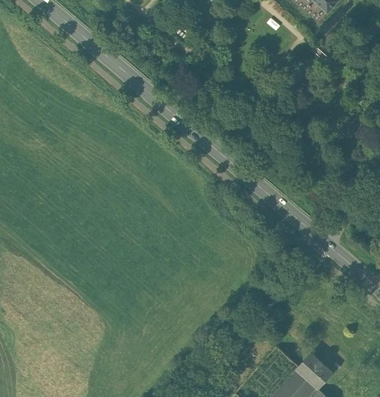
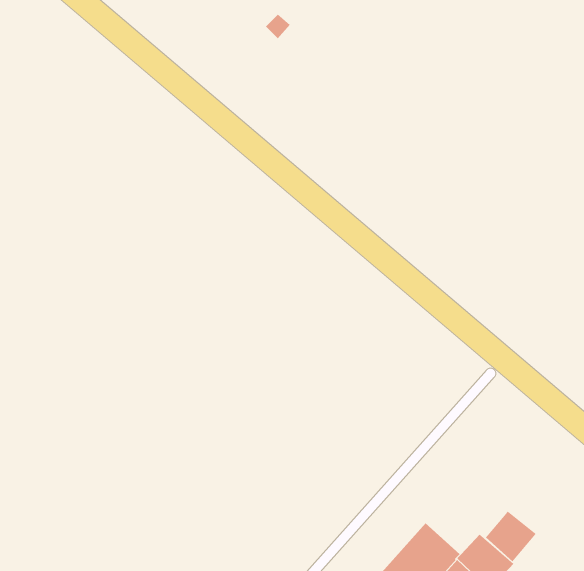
building: none -> [485,510,537,562]

